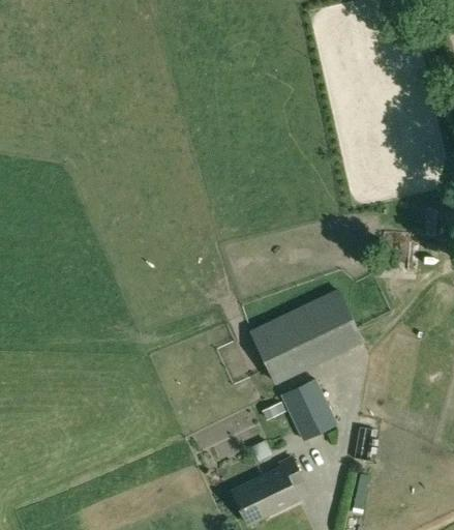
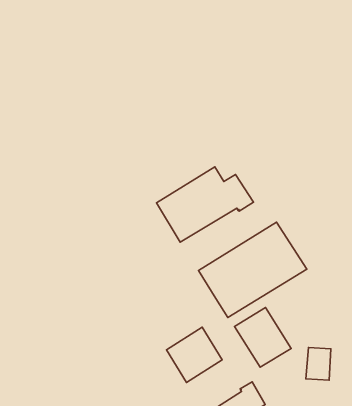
building: none -> [157,167,254,242]
building: none -> [166,327,222,382]

